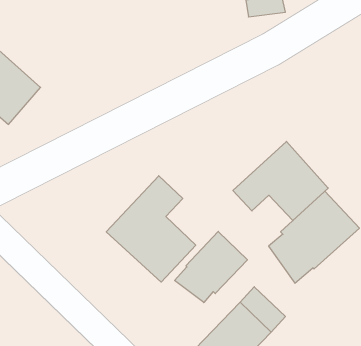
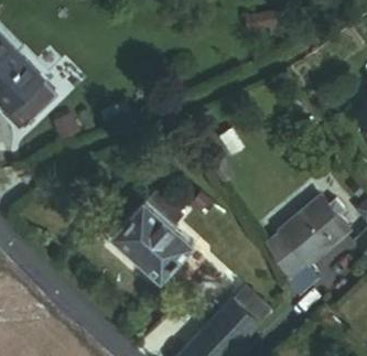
building: [233,141,328,221] -> none
building: [175,231,247,303] -> none

